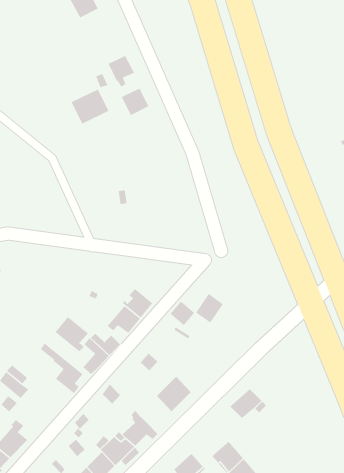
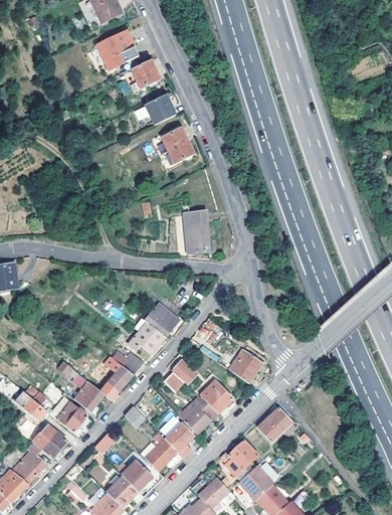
building: [70,88,110,125] -> [96,29,138,67]
building: none -> [160,126,192,161]
building: none -> [182,204,214,250]
building: [195,293,224,323] -> [233,351,263,383]
building: [54,316,89,352] -> [51,397,87,436]
building: none -> [172,359,198,389]
building: none -> [201,380,234,413]
building: none -> [165,422,195,458]
building: none -> [35,426,67,458]
building: none -> [226,441,258,475]

